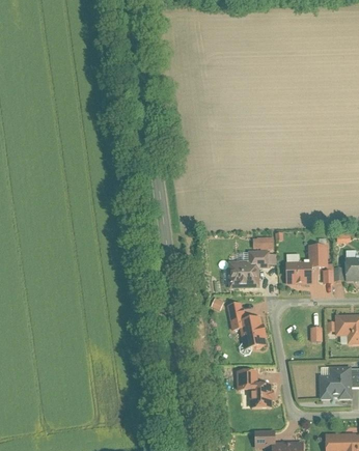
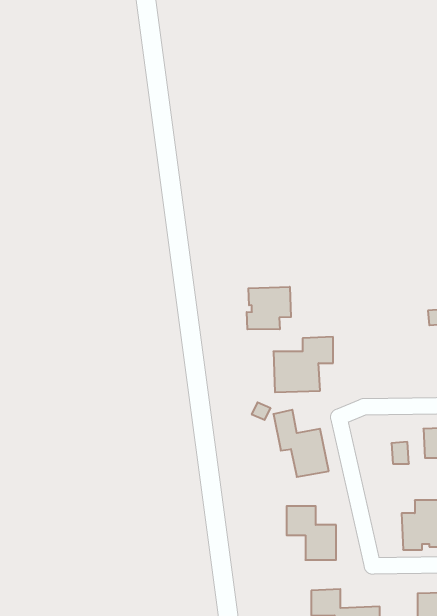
building: none -> [247,287,291,329]
building: [285,244,328,284] -> none

